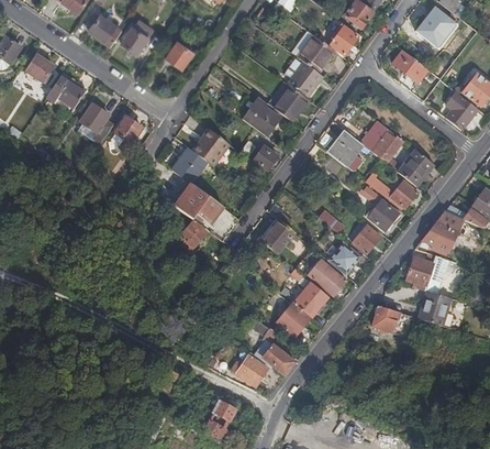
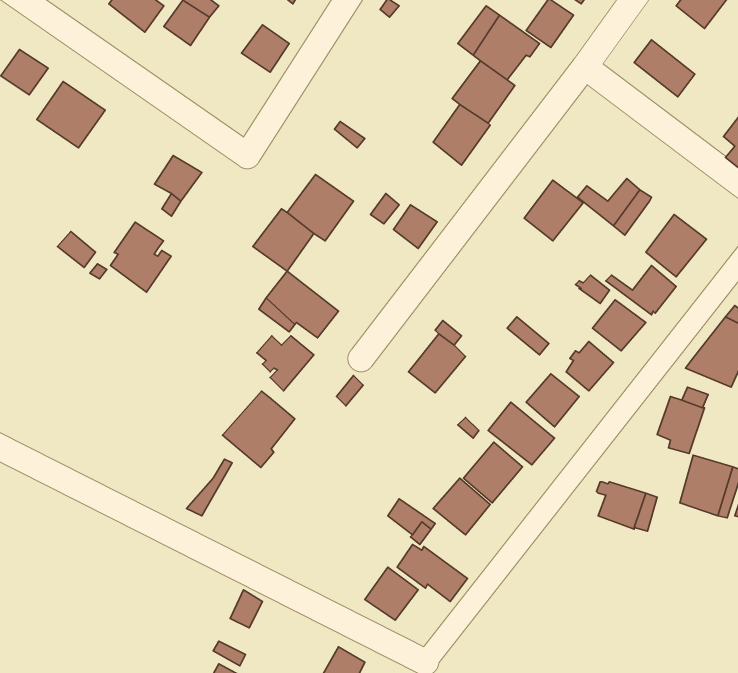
building: [242,98,282,135] -> none
building: [78,105,113,145] -> [110,222,171,292]
building: none -> [223,391,295,467]

